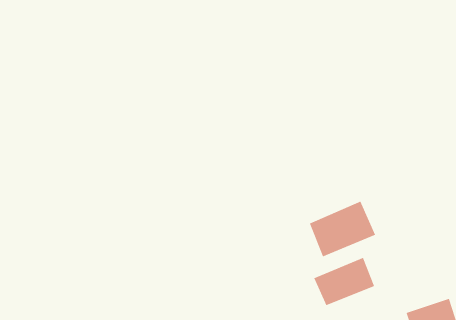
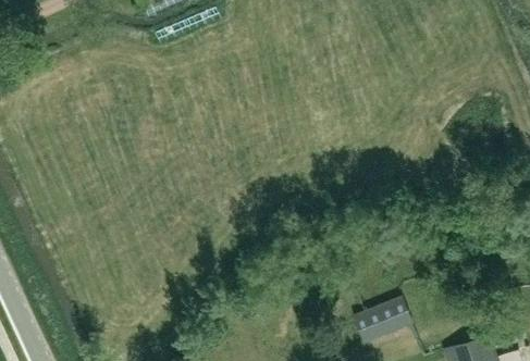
building: [309,201,376,258] -> none

